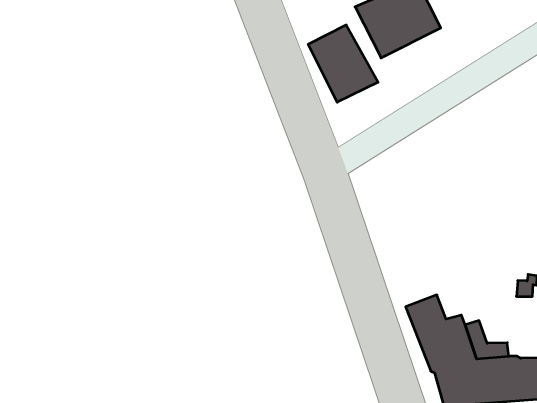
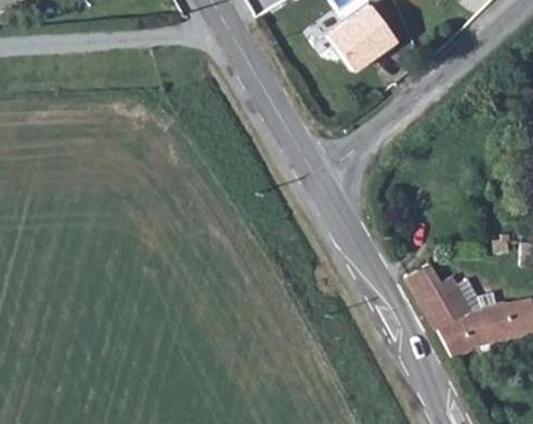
building: [308,25,378,102] -> none

